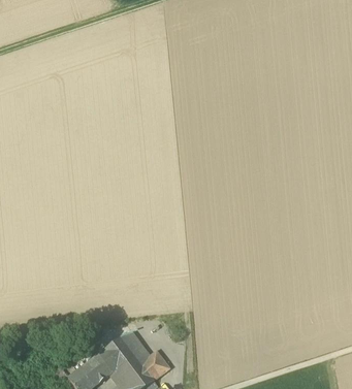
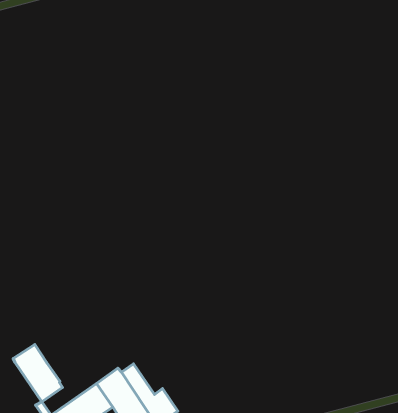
building: none -> [13,345,63,402]

